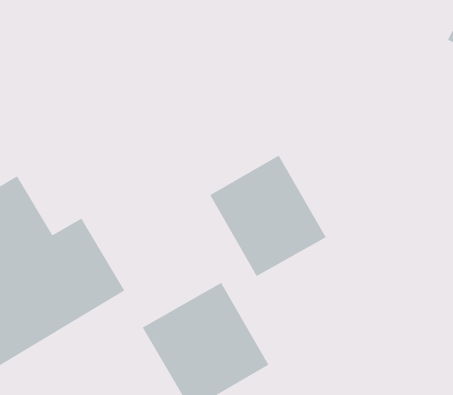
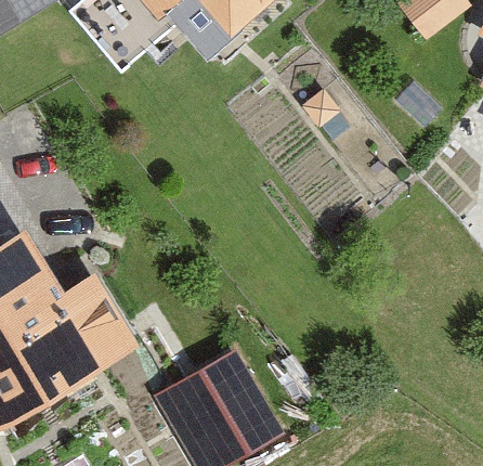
building: [210,155,327,277] -> none

